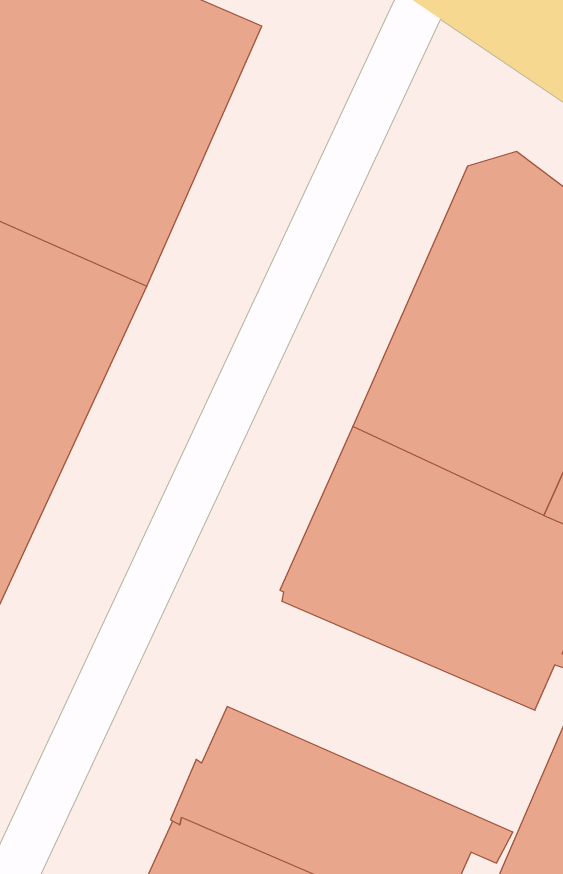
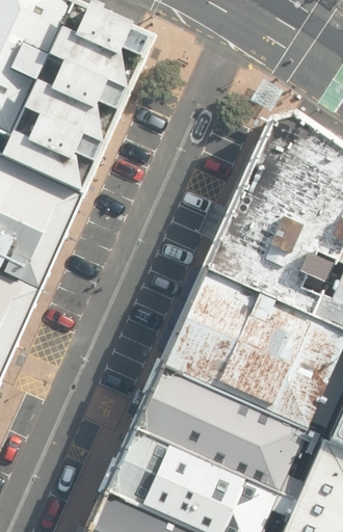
building: none -> [132,362,308,501]

